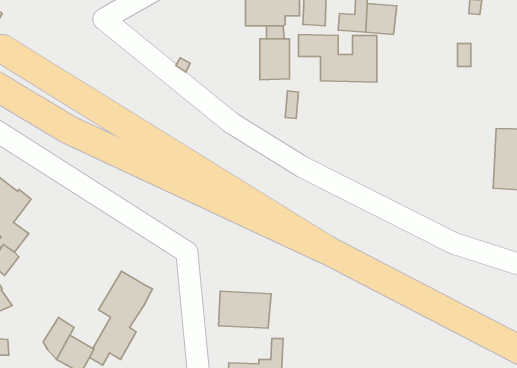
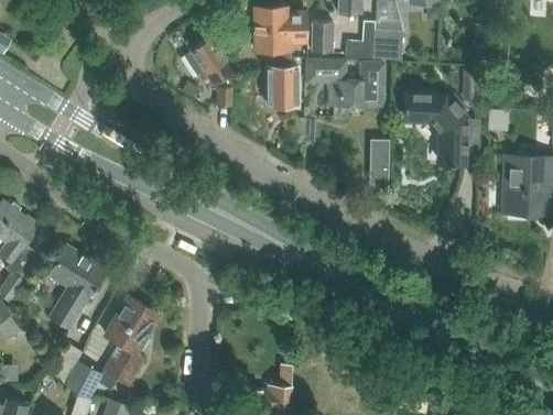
building: none -> [185,32,232,107]
building: none -> [403,96,465,165]
building: none -> [369,140,389,184]
building: none -> [48,244,107,329]
building: [218,291,271,328] -> none

